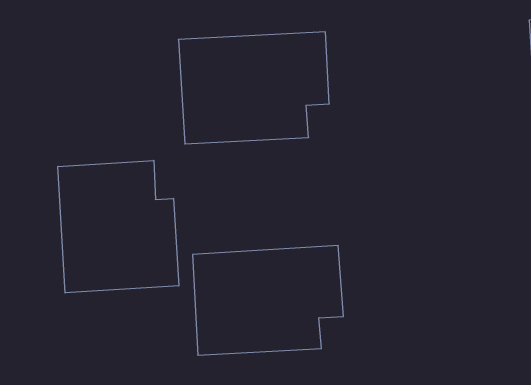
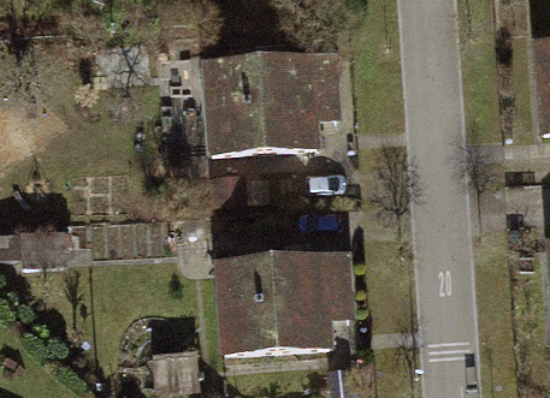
building: [58,160,179,293] -> none

